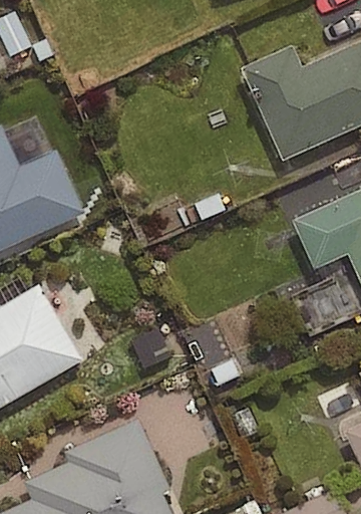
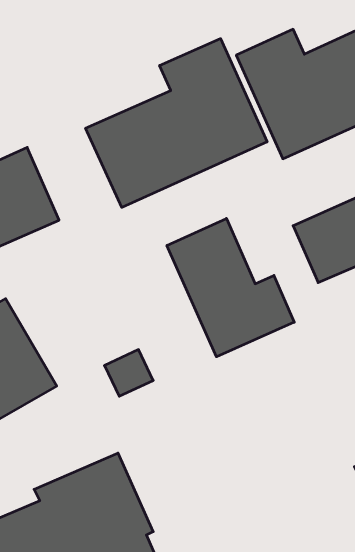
building: none -> [86,39,267,207]
building: none -> [167,218,294,357]

